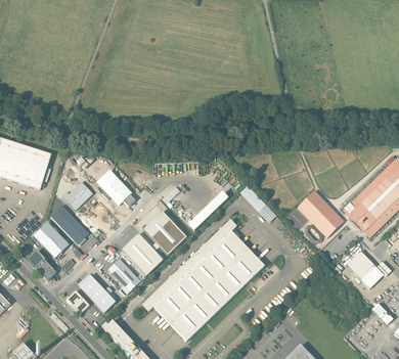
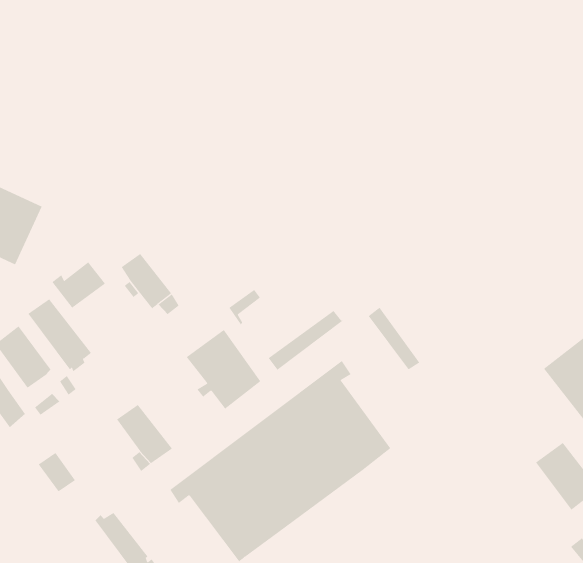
building: [298,191,344,237] -> none
building: [121,234,163,276] -> none
building: [78,274,116,312] -> none

